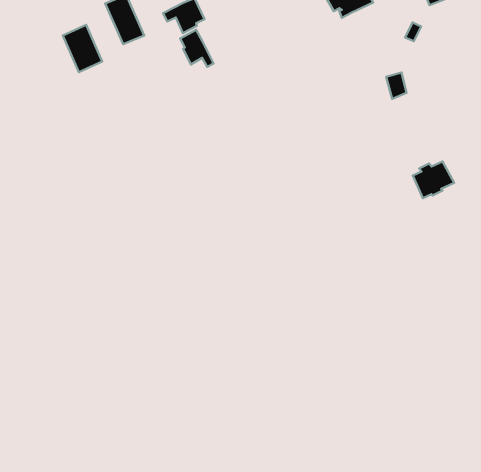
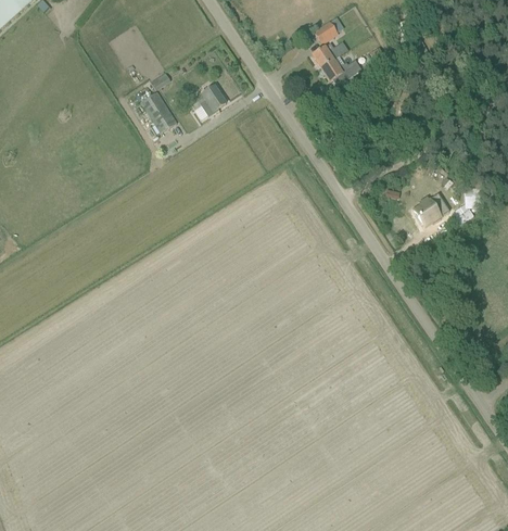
building: [63,25,102,72] -> none
building: [180,30,213,67] -> none

